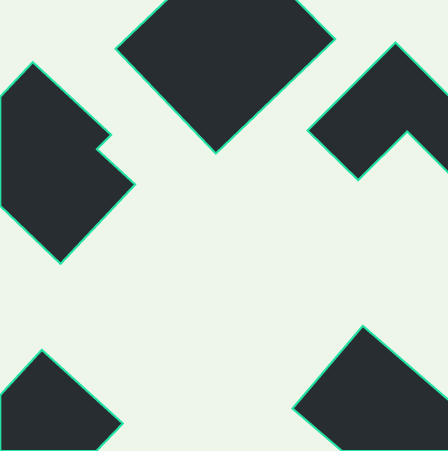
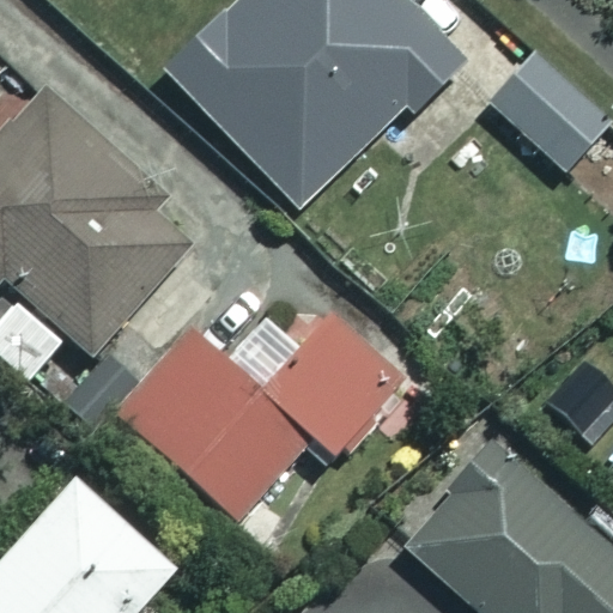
building: none -> [120,314,408,522]

